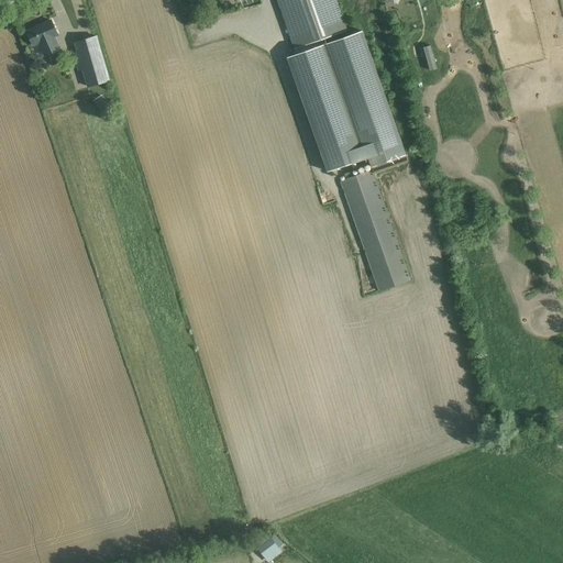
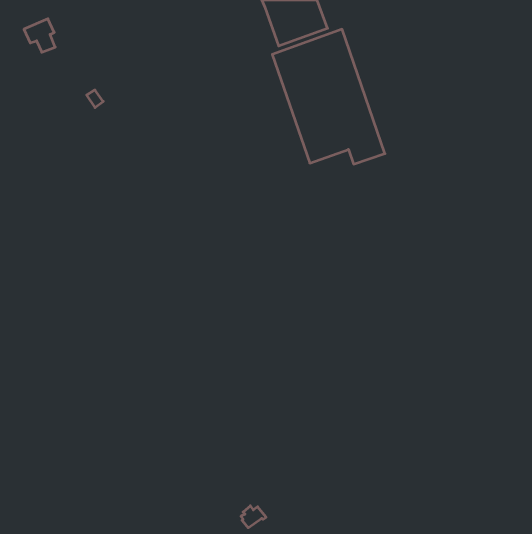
building: [74,35,109,86] -> none
building: [339,170,409,291] -> none

